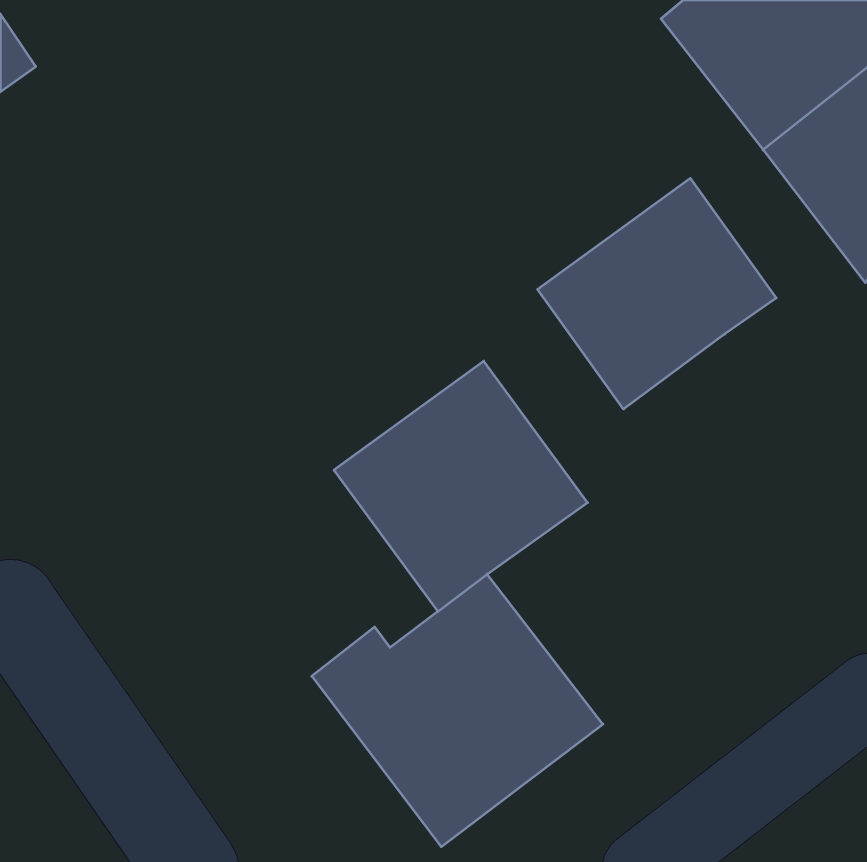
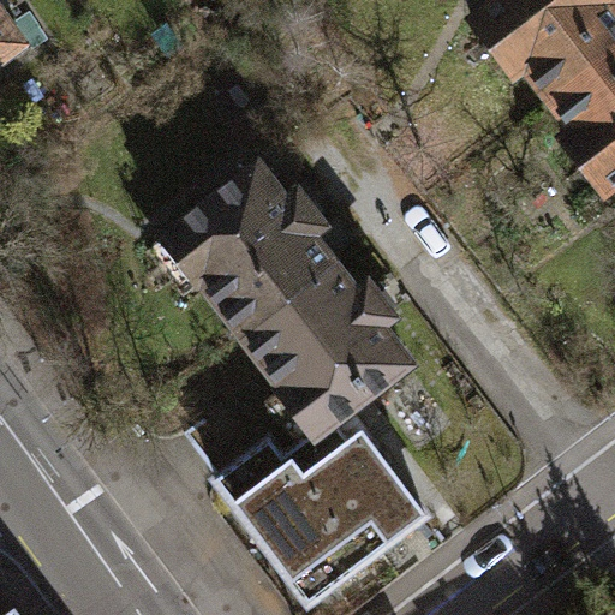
building: [538,178,776,409] -> none
building: none -> [161,159,344,338]

